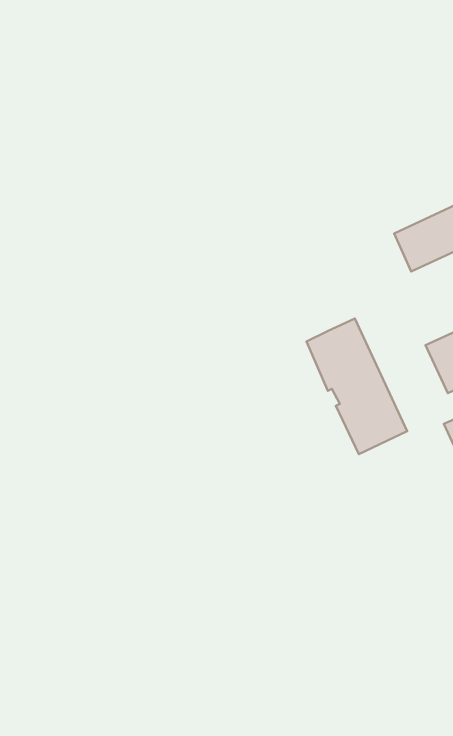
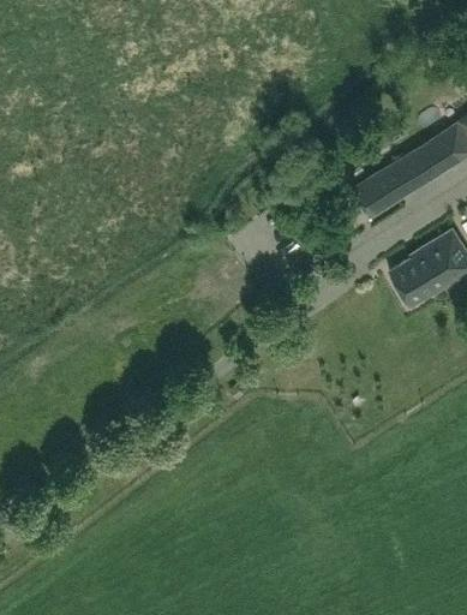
building: [306,318,407,454] -> none

